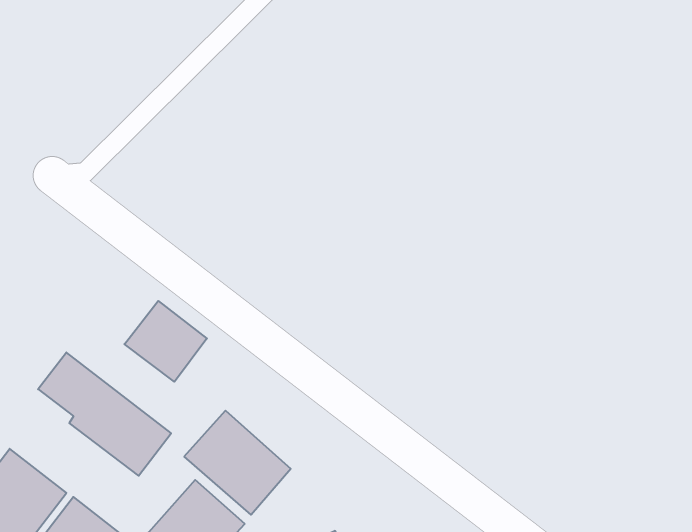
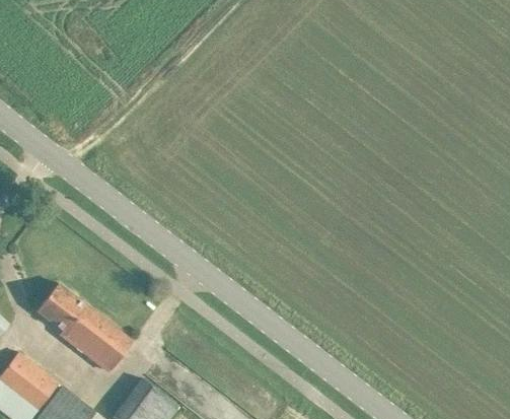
building: [124,301,207,382] -> none
building: [184,411,291,515] -> none

